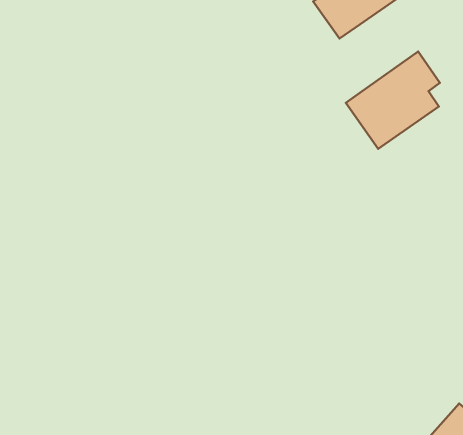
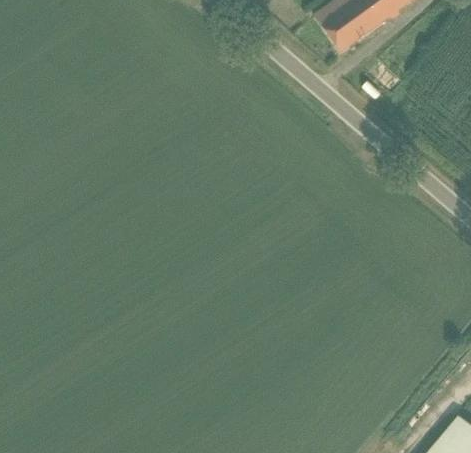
building: [346,51,440,149] -> none

